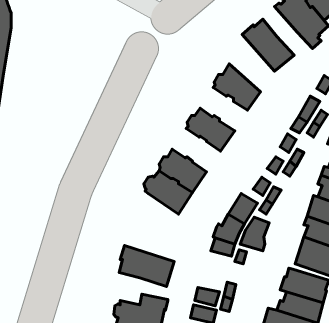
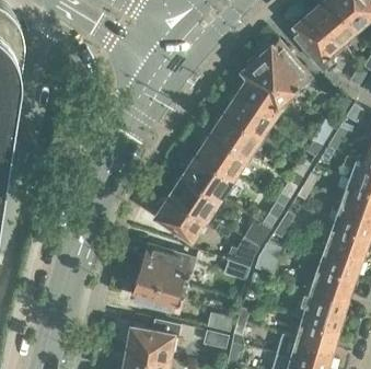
building: none -> [243,57,289,115]
building: none -> [213,111,262,154]
building: none -> [185,152,234,196]
building: none -> [137,246,195,287]

